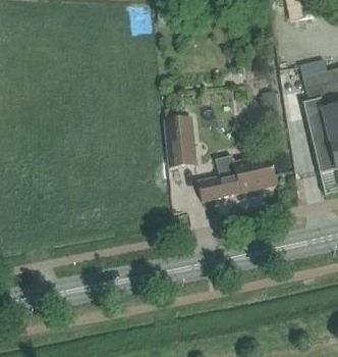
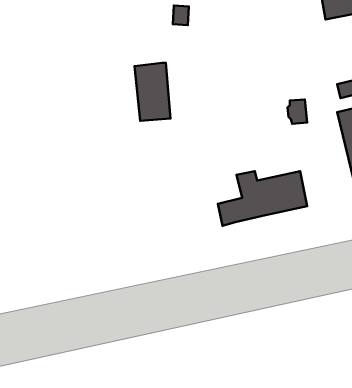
building: [165,116,196,167] -> [135,63,170,121]

